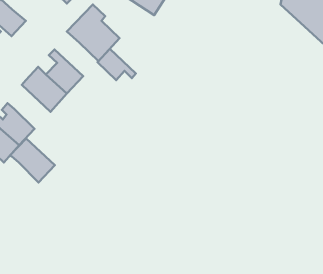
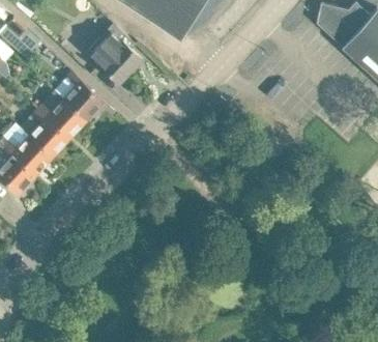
building: [97,49,136,80] -> none
building: [10,138,55,182] -> [19,110,67,158]

